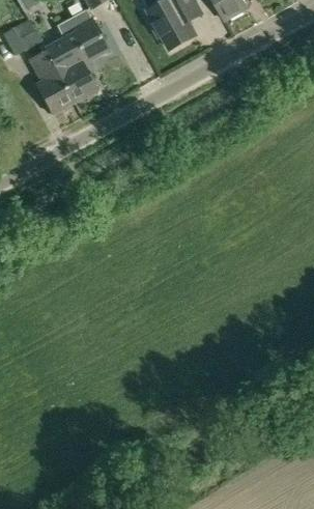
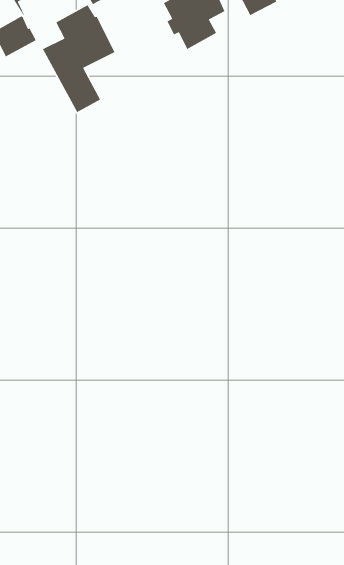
building: [30,47,76,114] -> none

